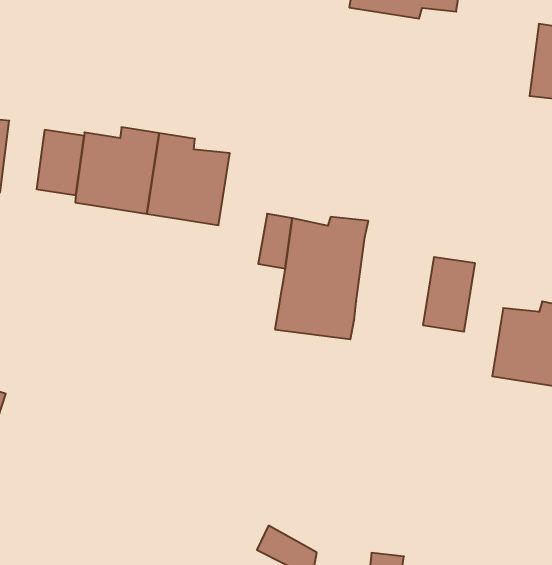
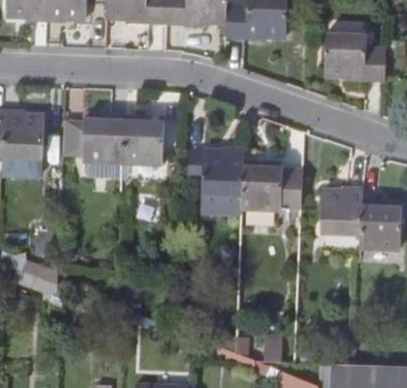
building: none -> [245,162,285,210]

